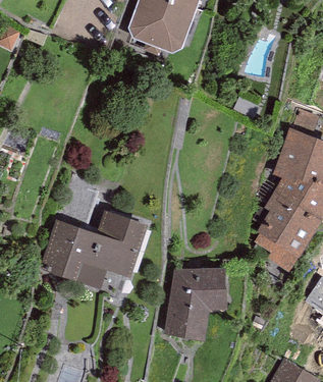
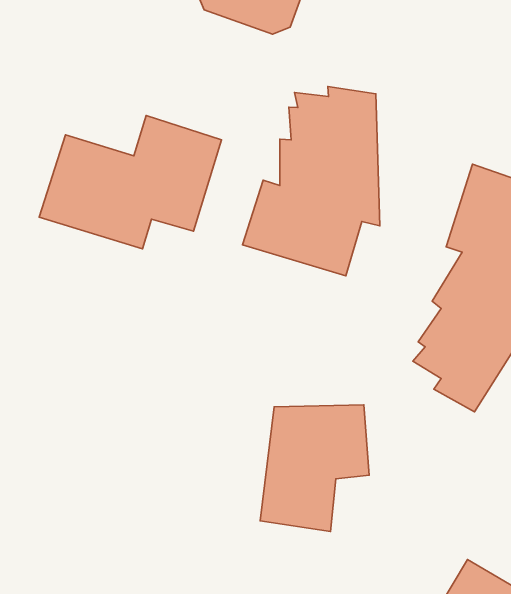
building: none -> [243,86,380,276]
building: [41,210,147,287] -> [39,115,222,249]

